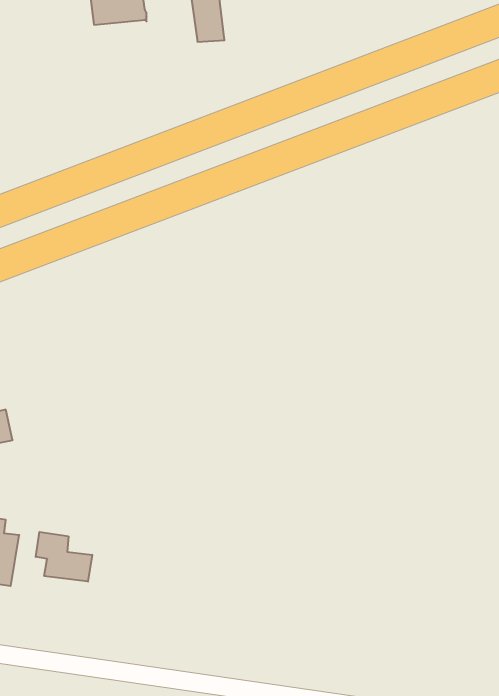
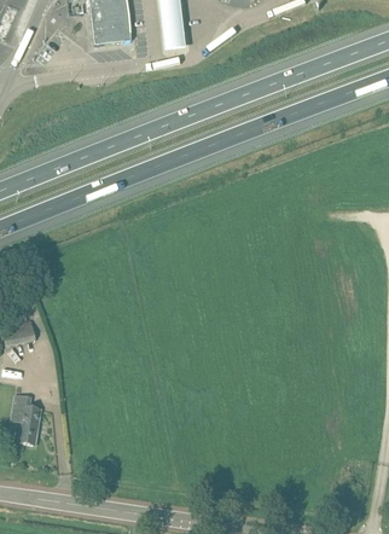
building: [36,532,92,582] -> none

